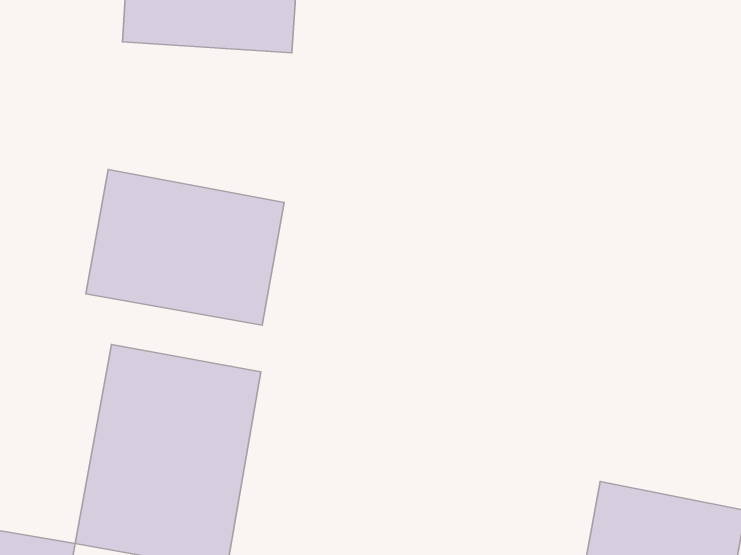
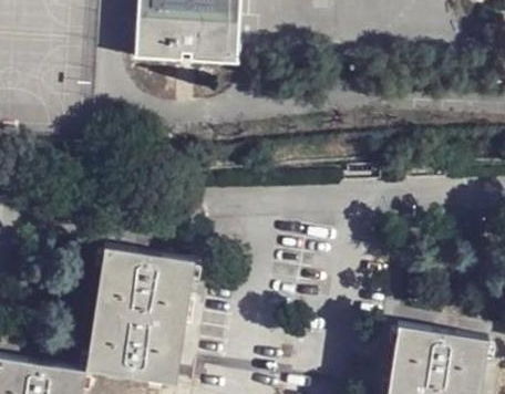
building: [86,170,284,325] -> none

